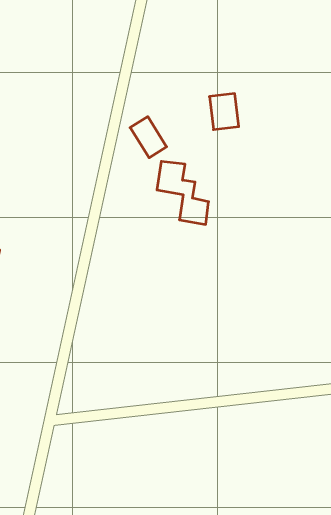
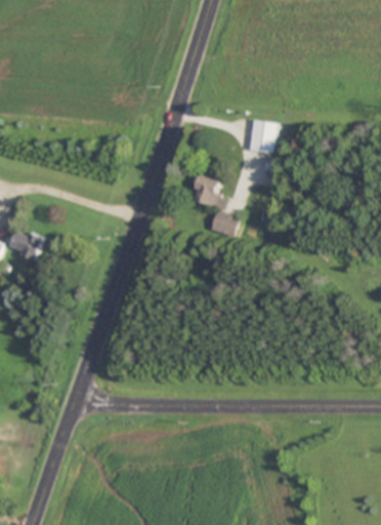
building: [130,117,167,158] -> none

